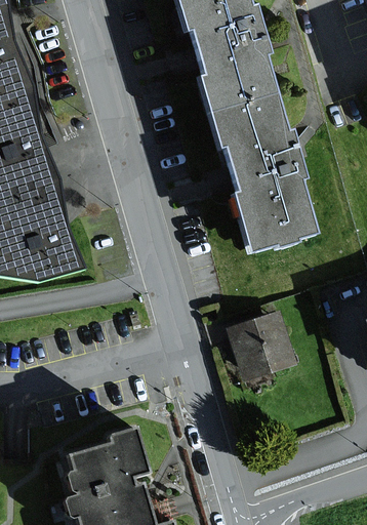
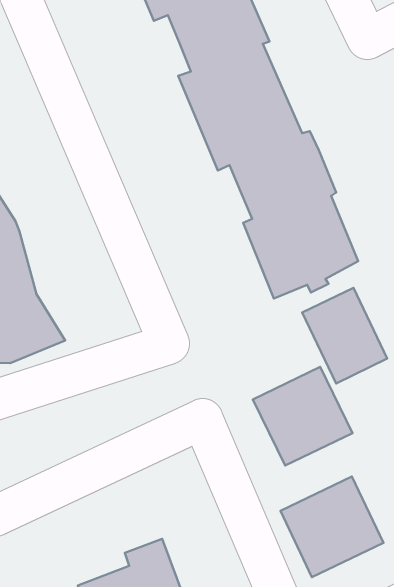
building: none -> [302,288,387,383]
building: none -> [280,476,383,577]

